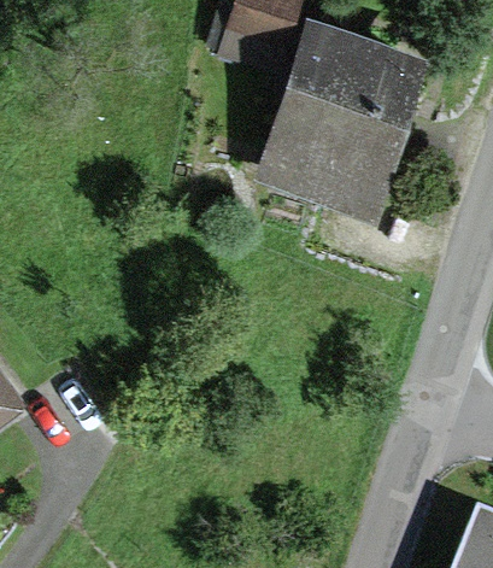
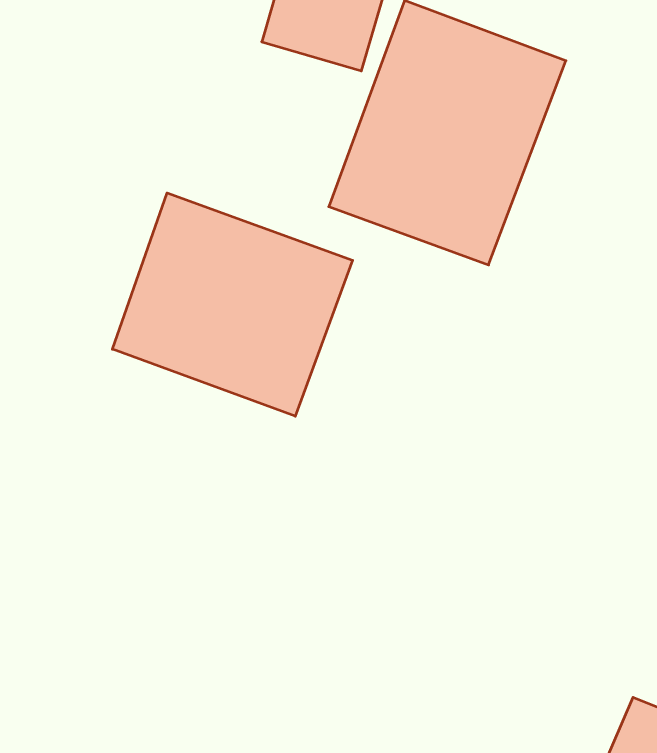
building: none -> [112,193,353,416]

